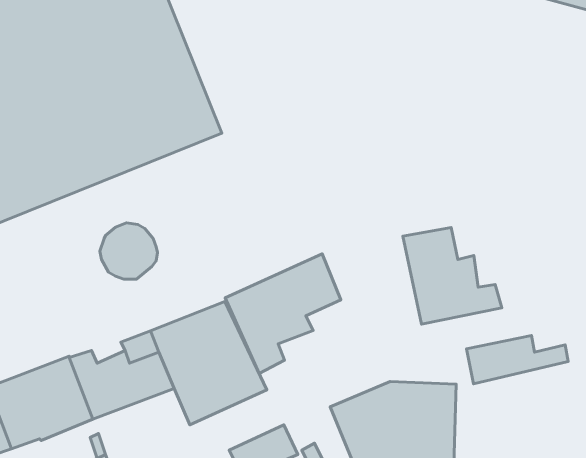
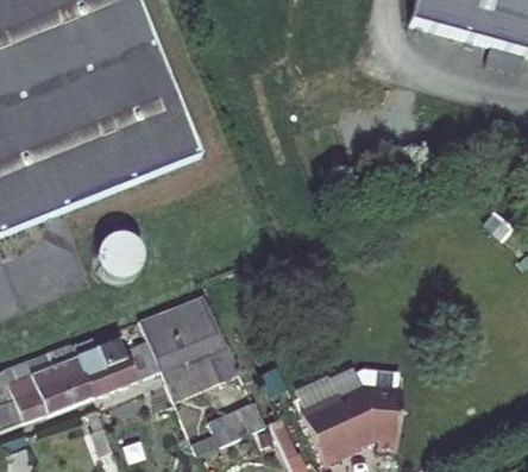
building: [403,228,502,324] -> none
building: [225,254,341,374] -> none
building: [467,335,568,384] -> none

